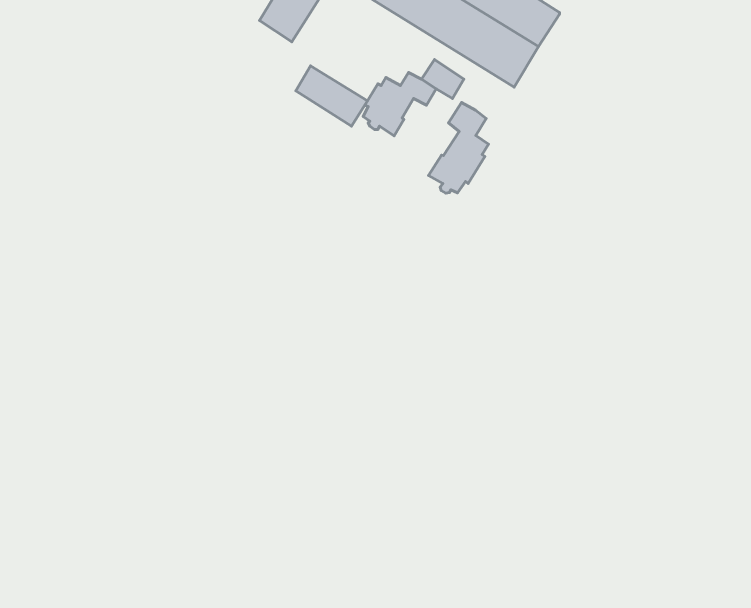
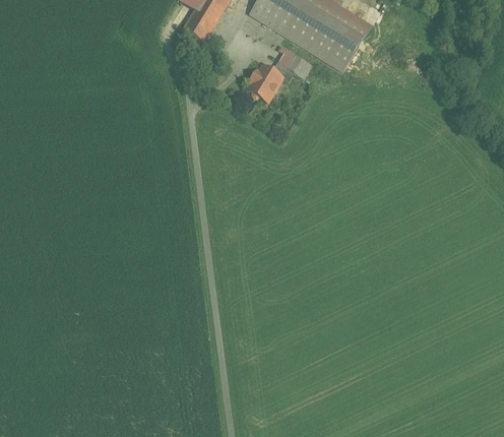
building: [296,66,367,126] -> none
building: [429,102,489,193] -> none

